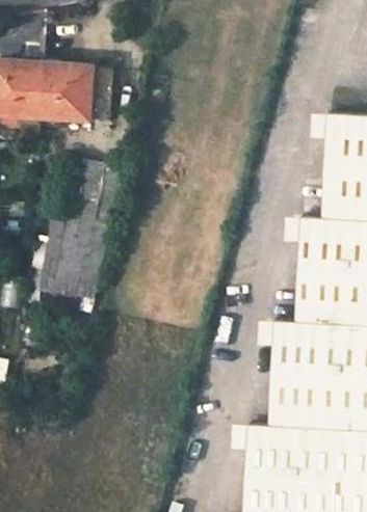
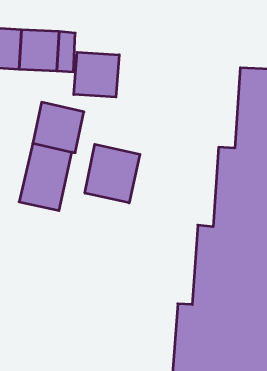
building: none -> [74,52,119,97]
building: none -> [85,144,140,203]

